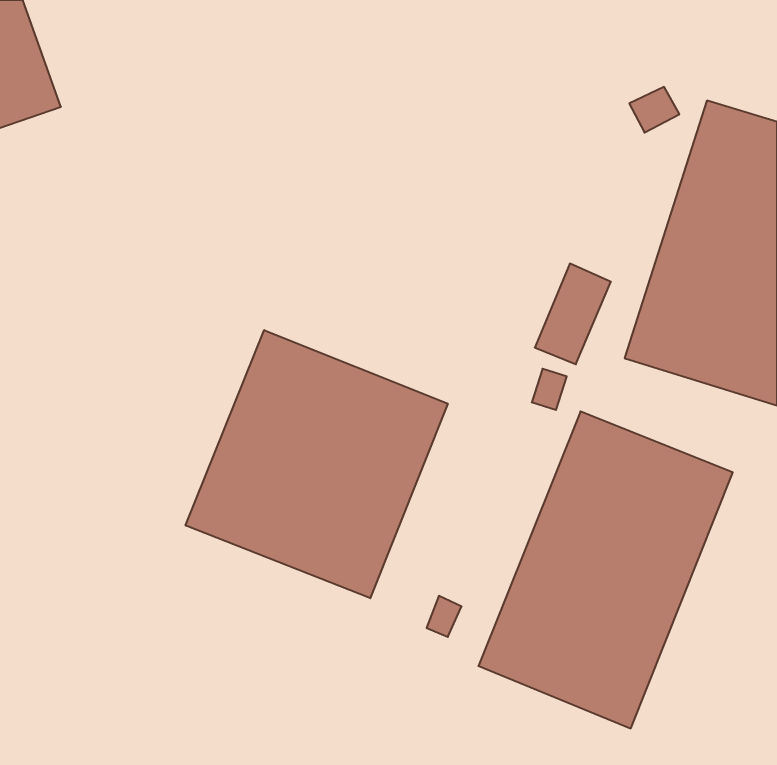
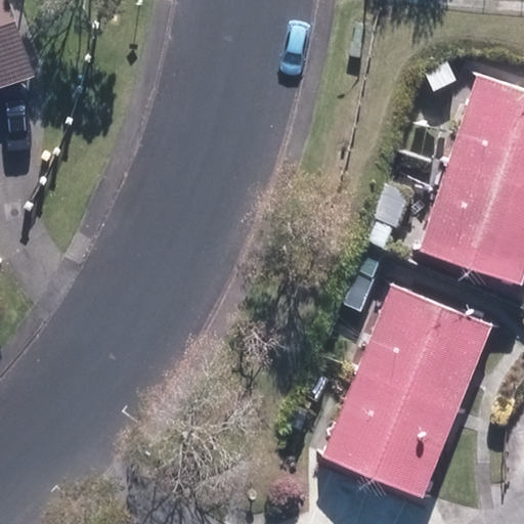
building: [186,330,448,598] -> none

